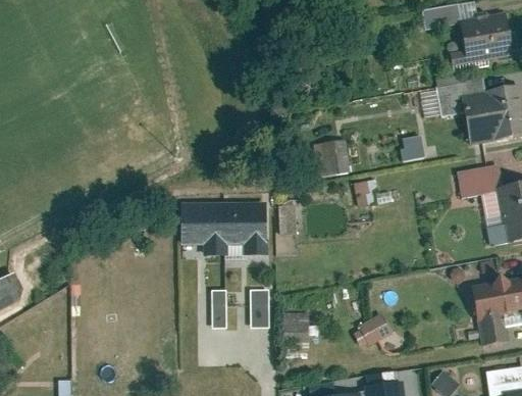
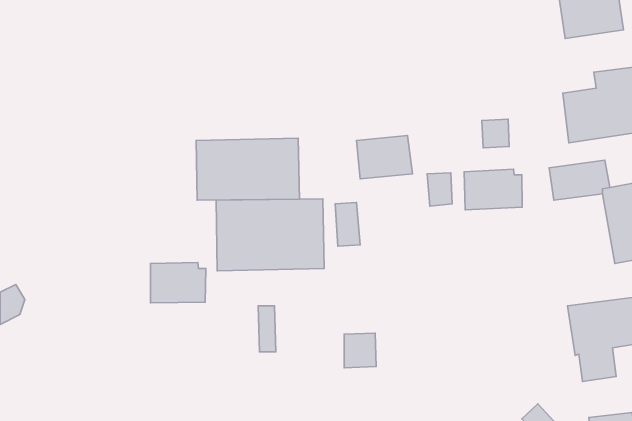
building: none -> [196,138,299,200]
building: none -> [464,169,522,210]
building: none -> [150,262,206,303]
building: [254,286,271,323] -> none
building: [358,309,394,341] -> none

